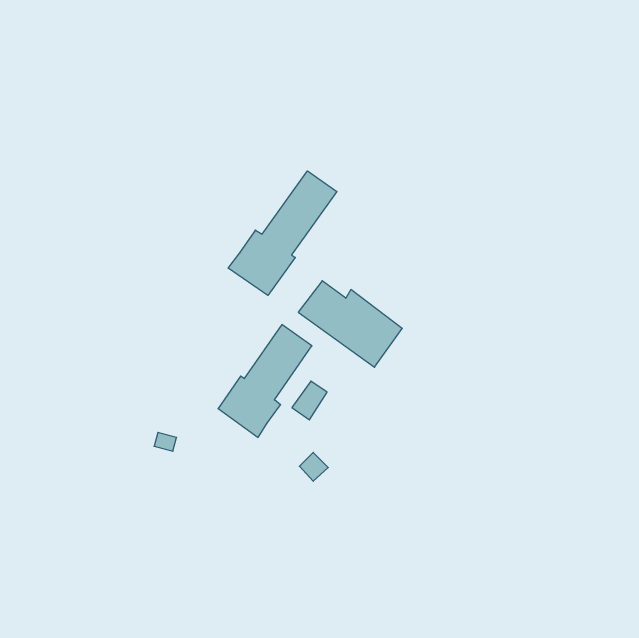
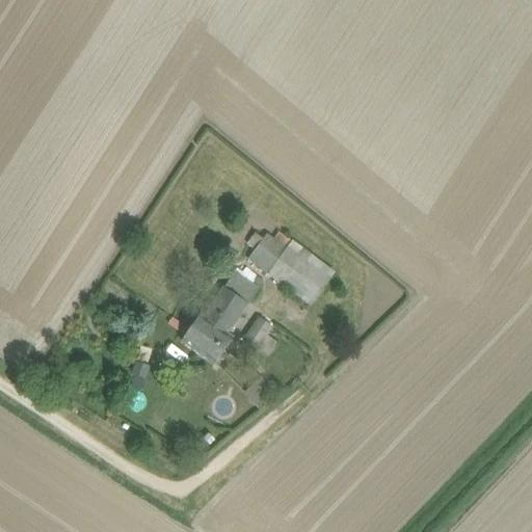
building: [228,171,337,295] -> none

